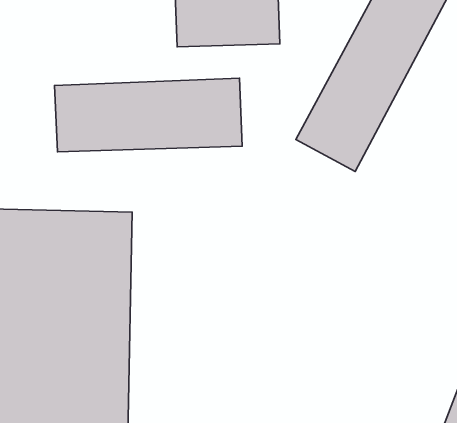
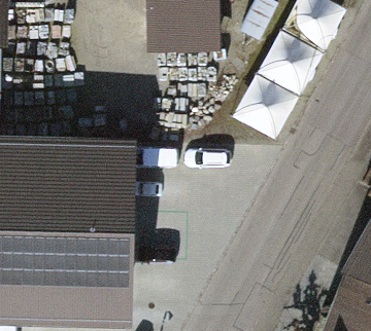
building: [55,78,242,152] -> none

